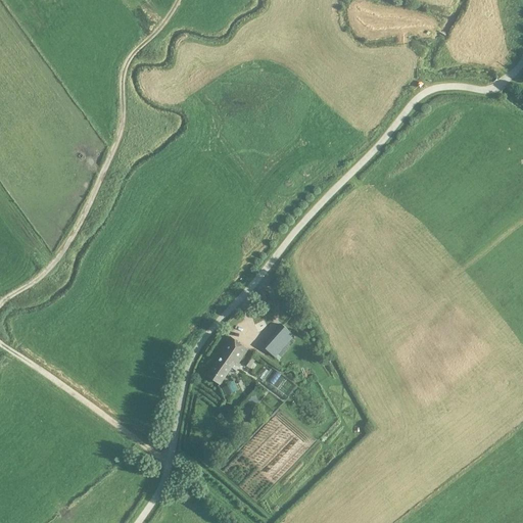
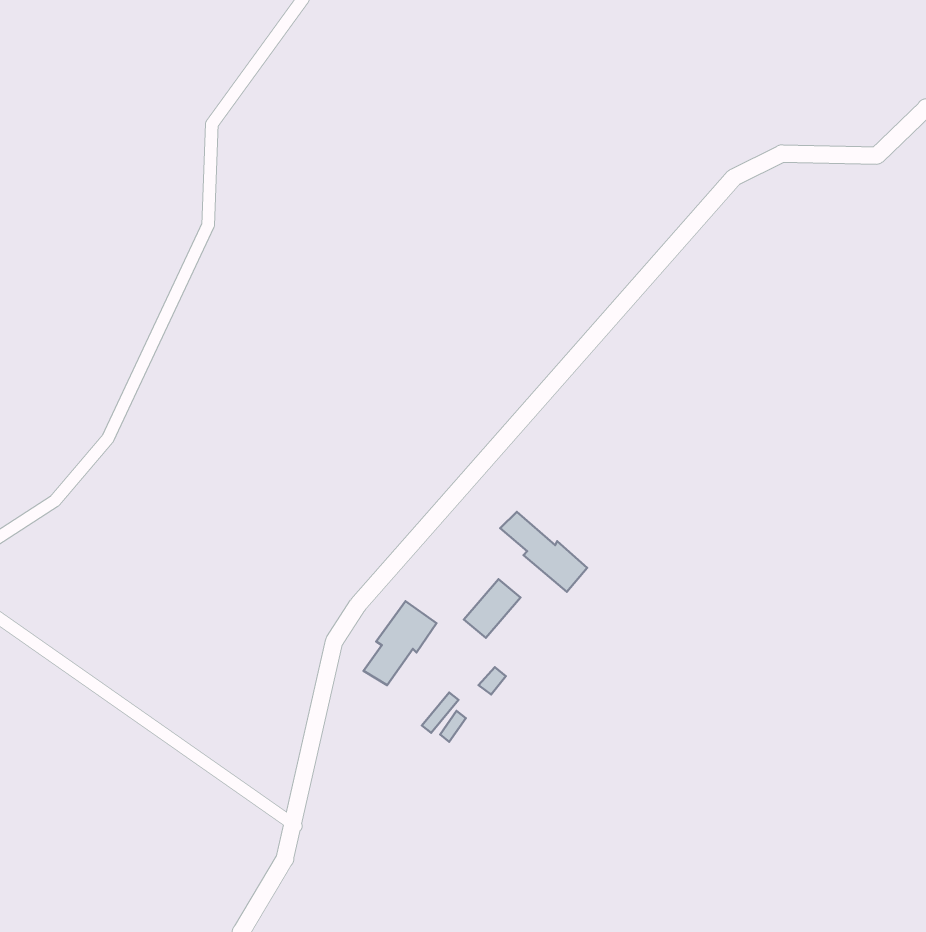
building: none -> [500,512,587,592]

